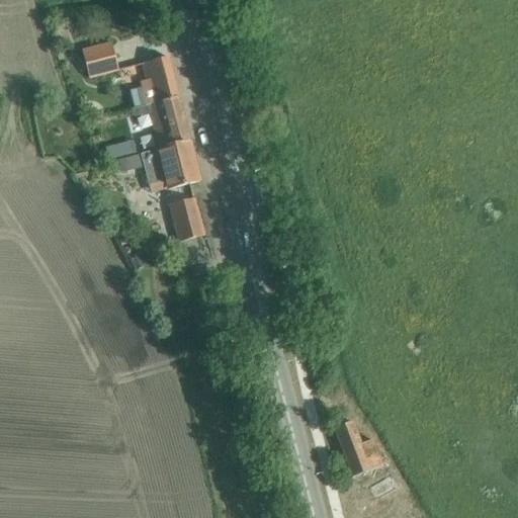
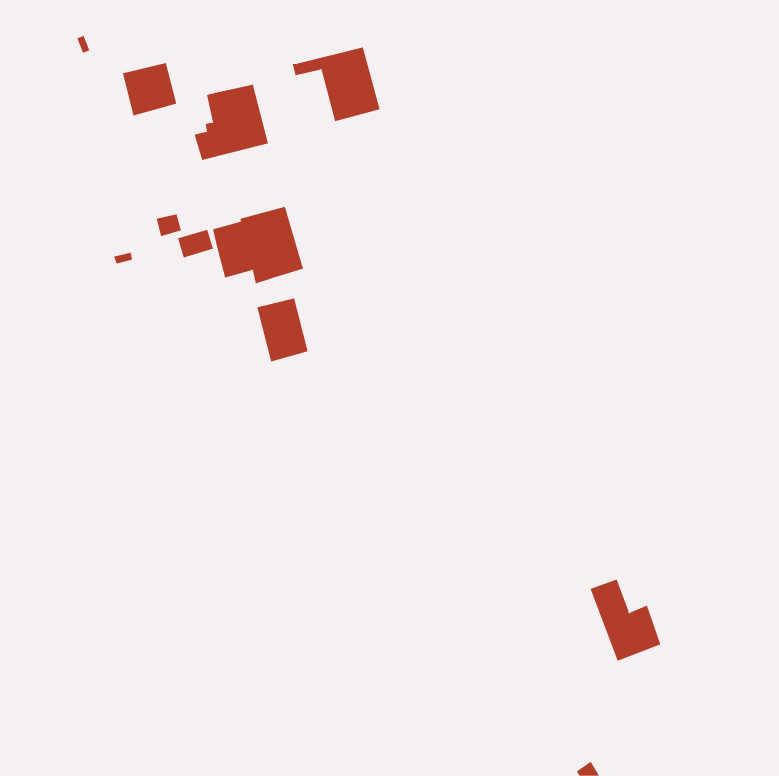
building: [132,95,190,145] -> [292,47,380,122]
building: [335,421,382,476] -> [590,579,661,661]

